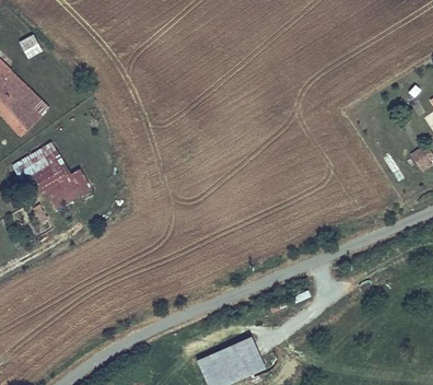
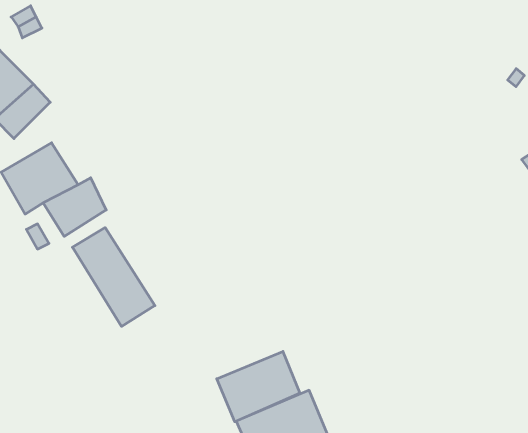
building: none -> [72,228,155,326]
building: none -> [217,351,300,422]

